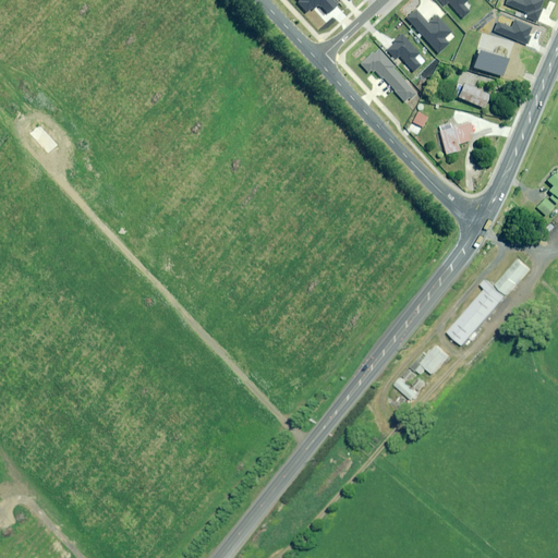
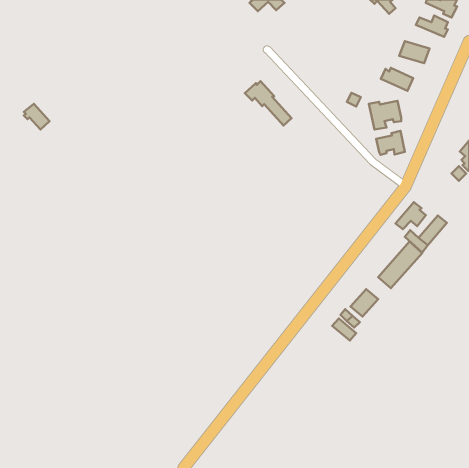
building: [407,8,451,51] -> none
building: [387,33,422,70] -> none
building: [361,48,416,100] -> [245,81,292,125]
building: none -> [376,131,405,155]
building: none -> [395,202,426,229]

